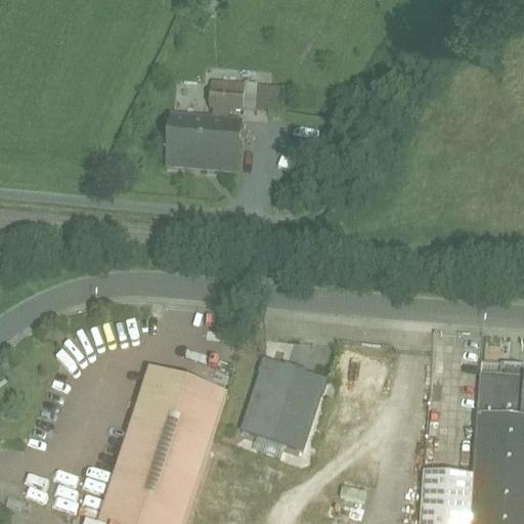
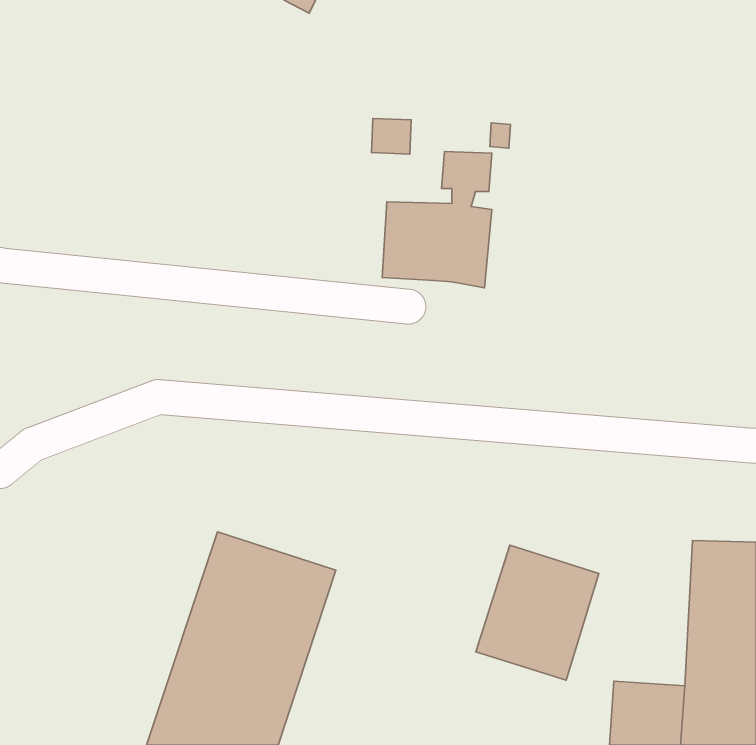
building: [168,78,244,172] -> [382,152,492,288]
building: [238,356,323,449] -> [476,545,599,680]

